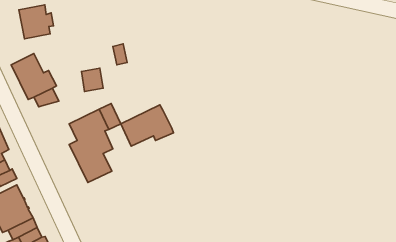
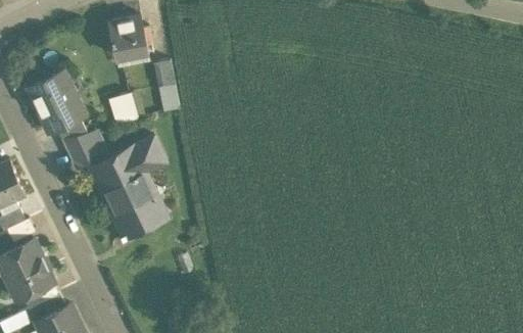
building: [19,5,54,39] -> [107,16,151,59]
building: none -> [65,131,105,166]
building: [121,105,173,146] -> none

